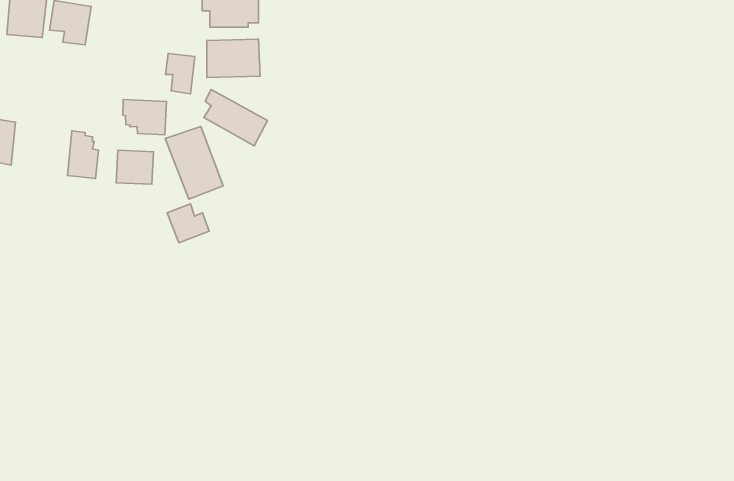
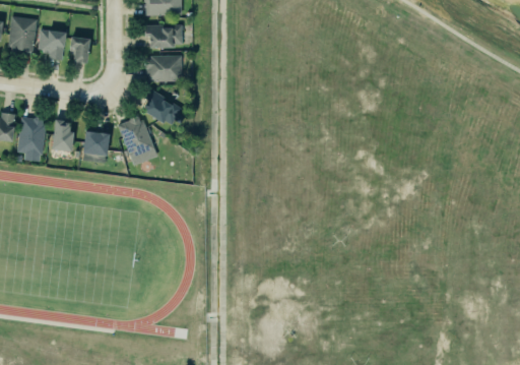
building: [165,54,195,94] -> [70,36,90,63]
building: [123,99,166,135] -> none
building: none -> [16,115,45,154]
building: [167,204,209,243] -> none

